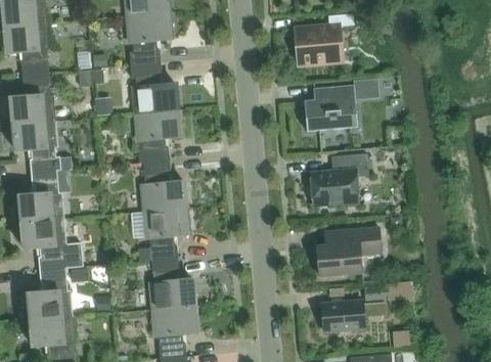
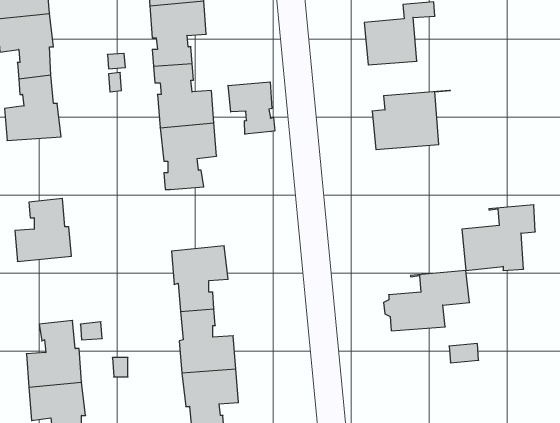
building: none -> [228,82,275,134]
building: [12,121,68,173] -> none
building: [309,153,367,206] -> [462,205,535,270]
building: [141,161,185,212] -> none
building: [20,216,82,270] -> none
building: [321,301,386,331] -> none

